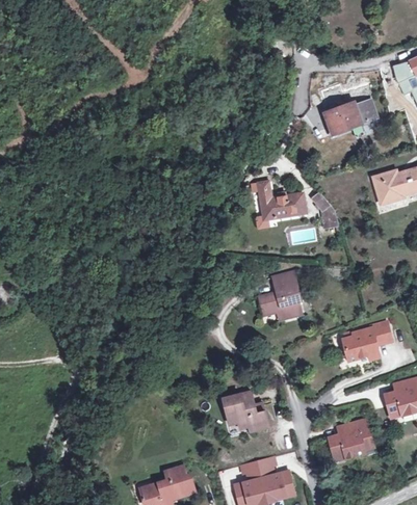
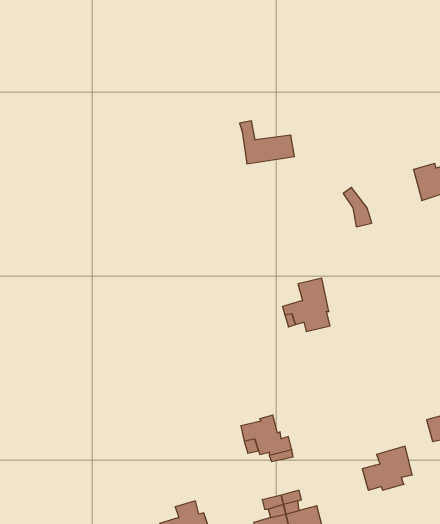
building: [323,101,375,134] -> none
building: [258,182,306,219] -> [240,121,294,164]
building: [342,322,391,361] -> none

